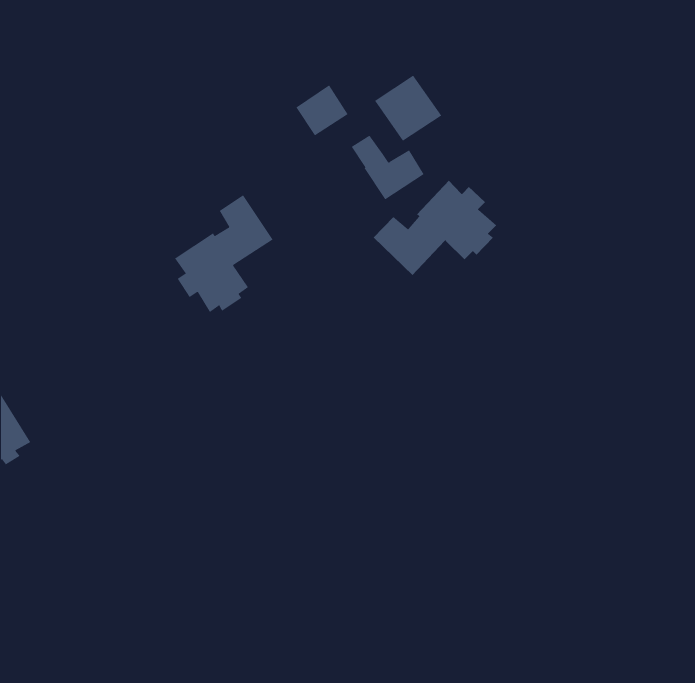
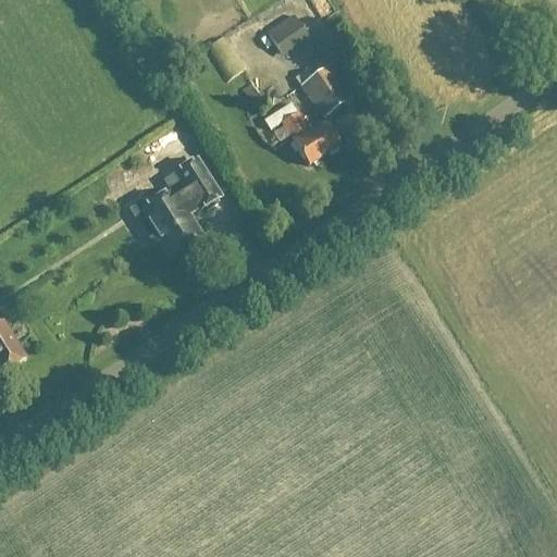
building: [295,84,349,136] -> [265,11,308,52]
building: [373,180,497,276] -> none

